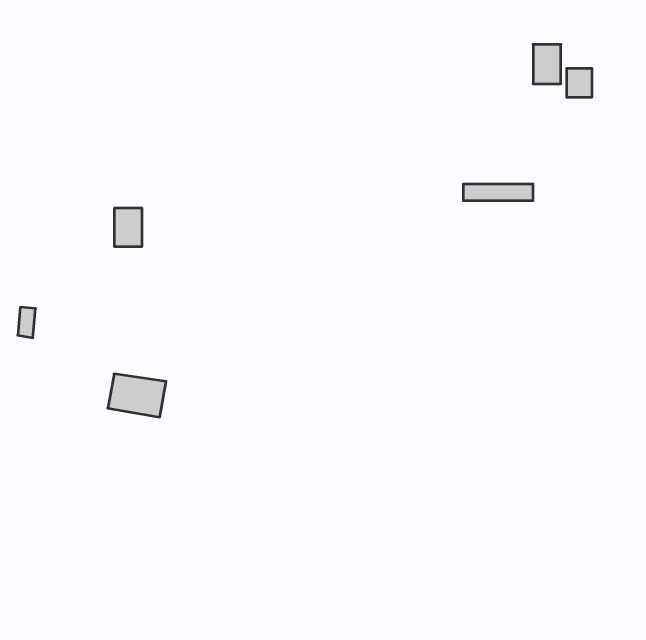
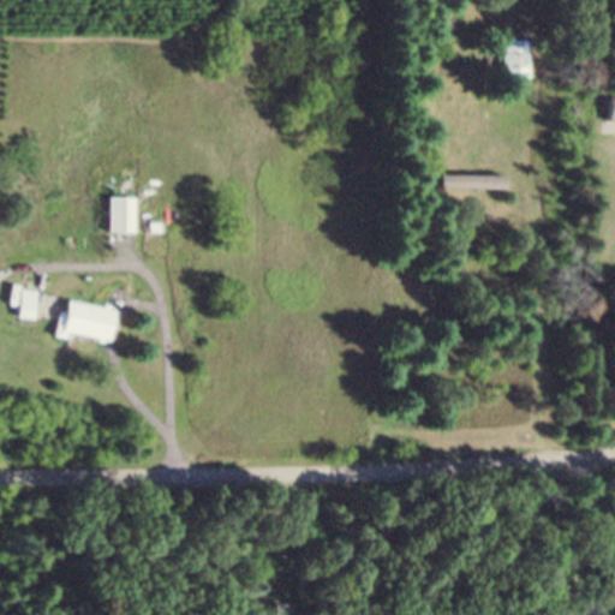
building: [567,68,592,97] -> none
building: [108,374,166,417] -> [59,301,114,342]

